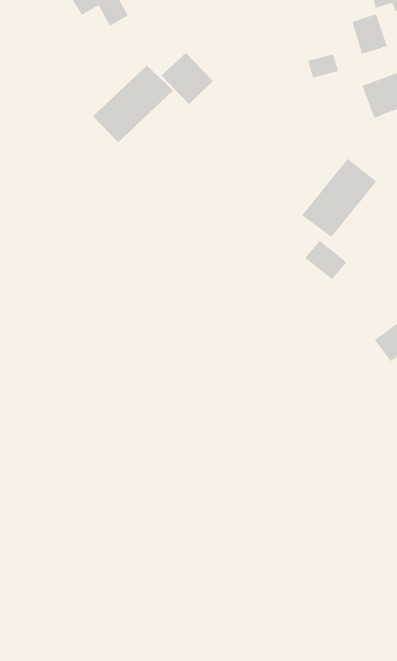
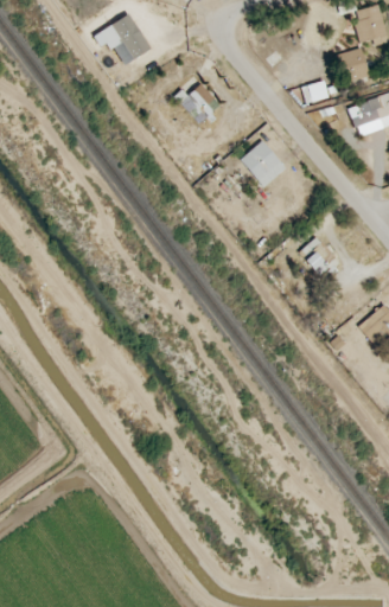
building: [92,65,174,143] -> none
building: none -> [241,140,287,187]
building: [301,158,377,238] -> none

